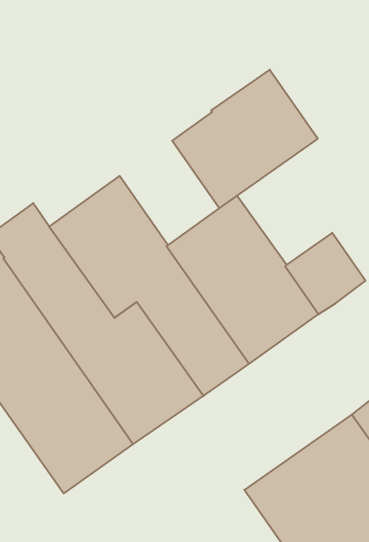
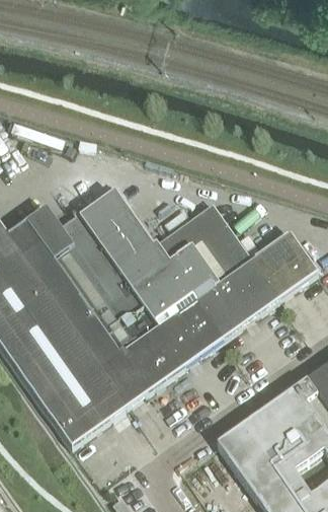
building: [172,70,318,208] -> none

